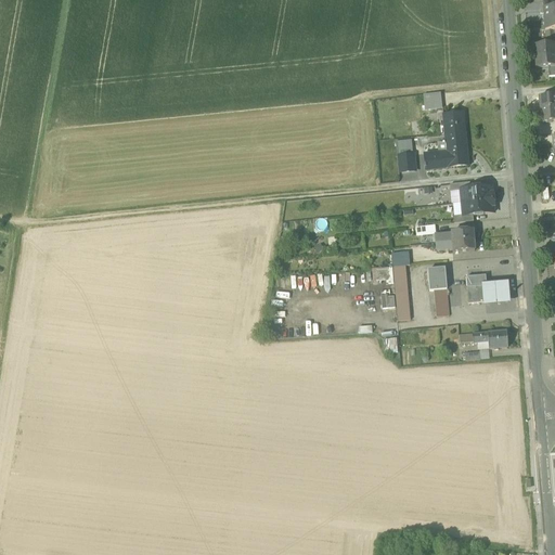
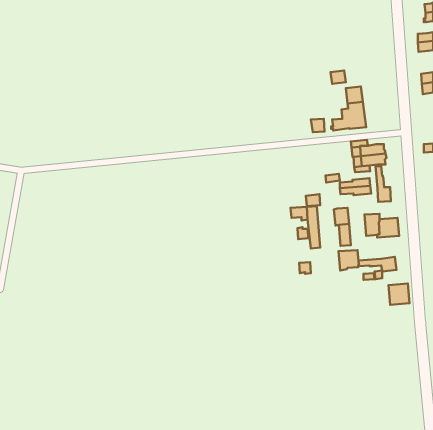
building: none -> [375,166,391,202]
building: none -> [338,250,359,270]
building: none -> [388,284,410,305]

